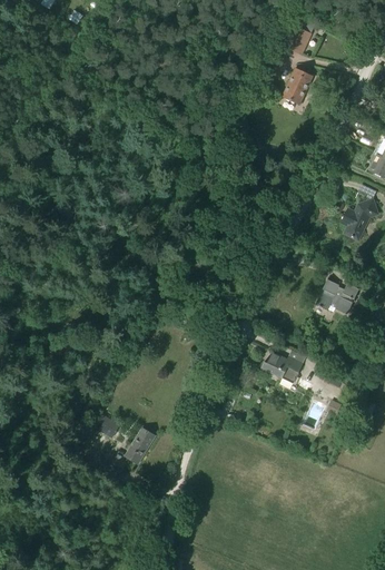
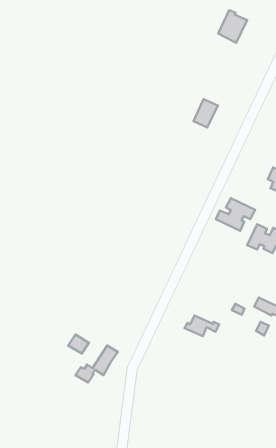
building: [284,70,314,105] -> [194,99,218,127]
building: none -> [216,198,255,231]
building: [261,353,304,379] -> [185,316,219,336]

